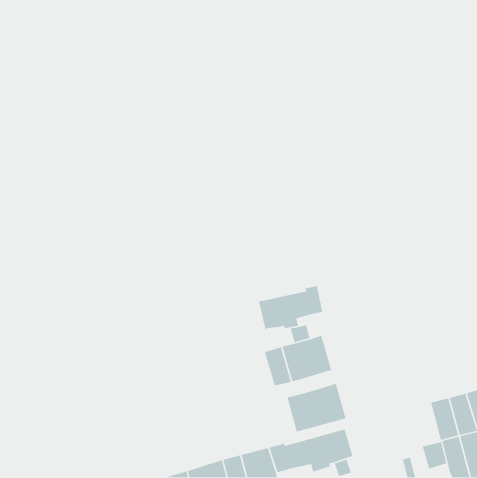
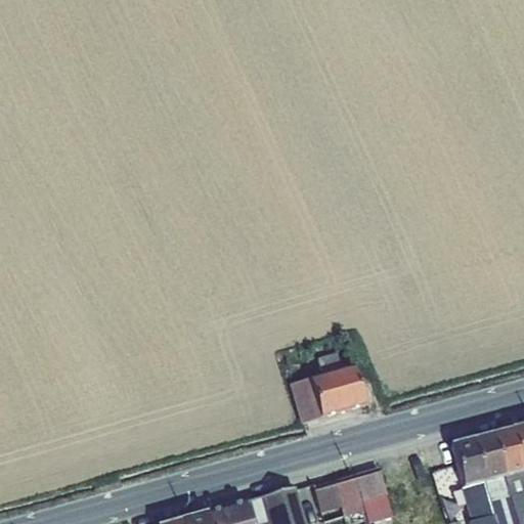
building: [258,285,323,330] -> none
building: [286,383,347,432] -> none
building: none -> [450,440,483,488]

